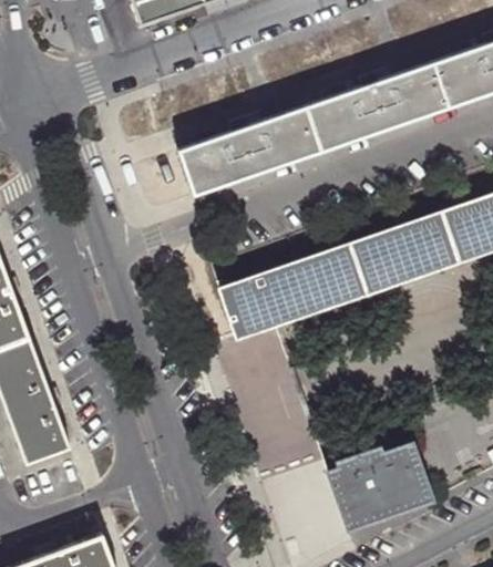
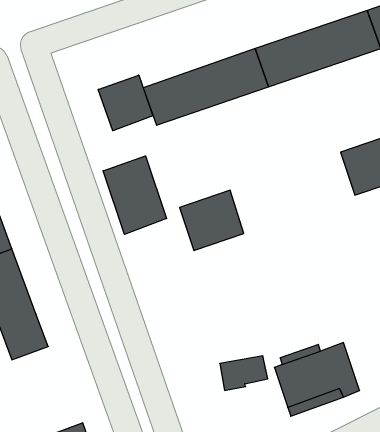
building: none -> [98,75,153,131]
building: [280,224,424,318] -> none
building: none -> [103,156,167,234]

